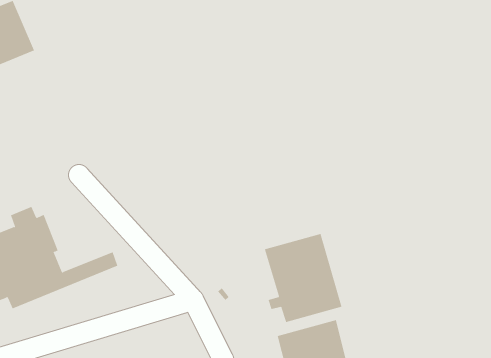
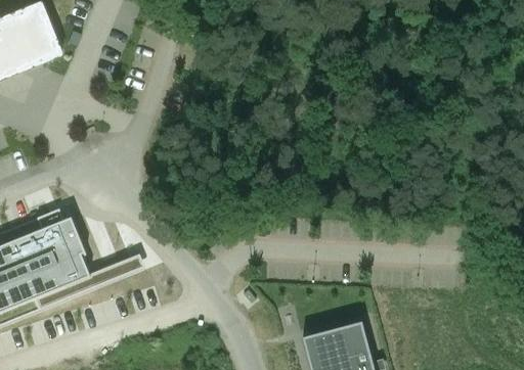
building: [264,233,342,323] -> none

